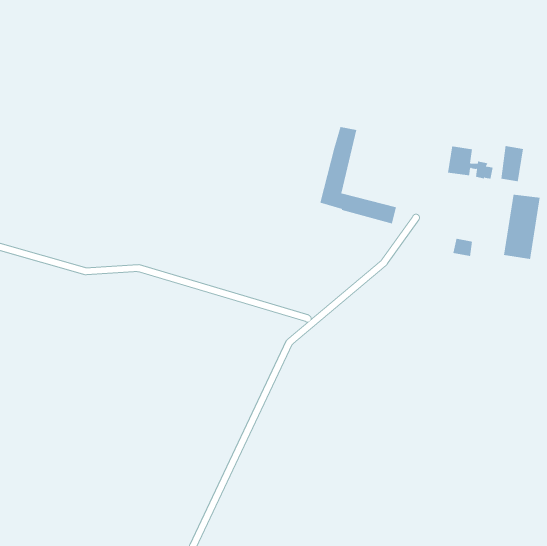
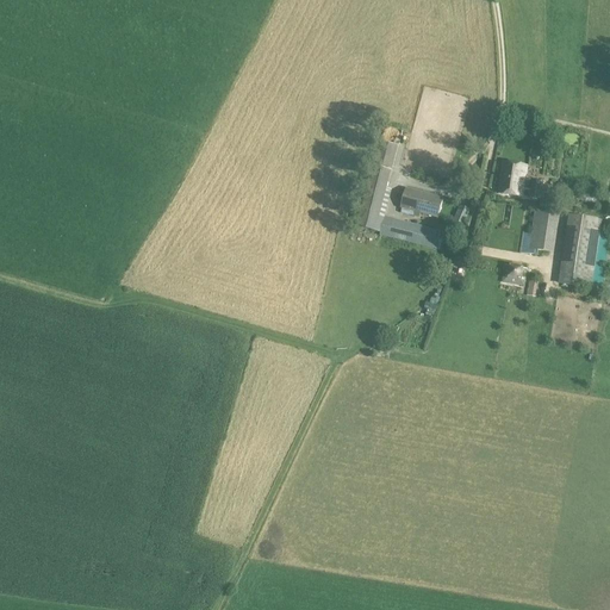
building: [500,146,524,182] -> [528,210,554,250]
building: none -> [402,188,442,216]

